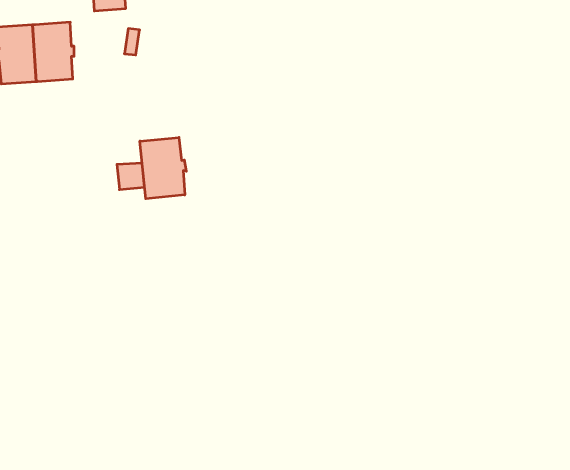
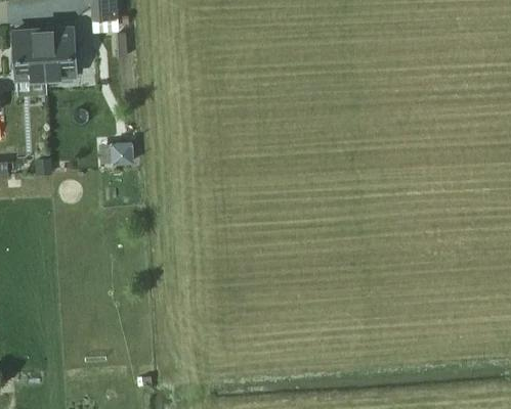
building: [140,137,186,199] -> none

